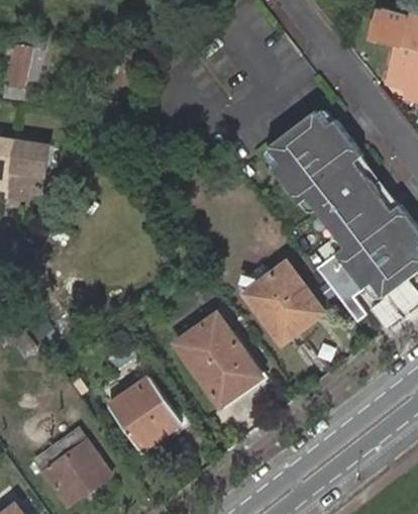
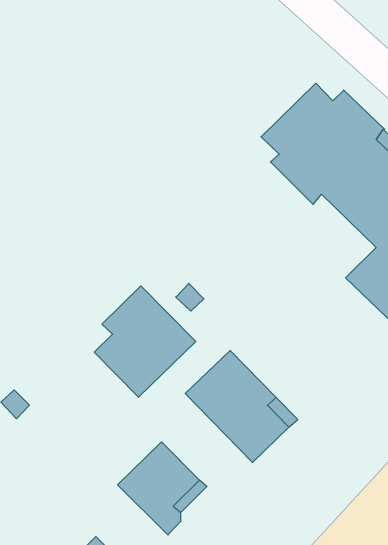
building: none -> [94,286,196,397]
building: [243,263,319,341] -> none

